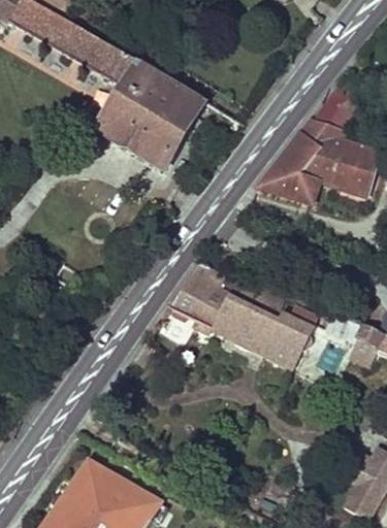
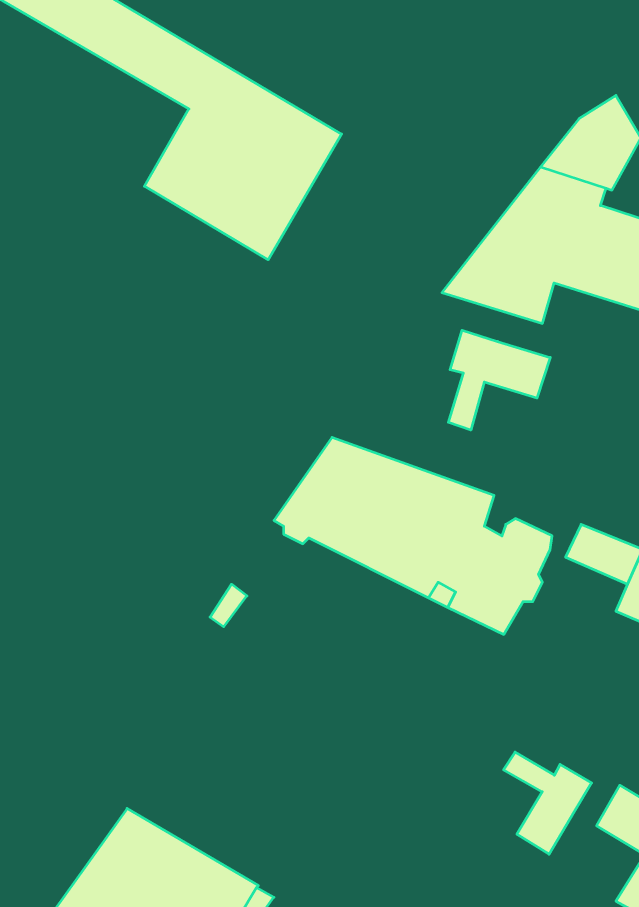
building: none -> [448,330,550,430]
building: none -> [504,752,592,854]

